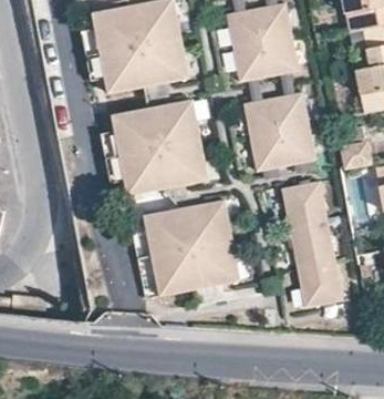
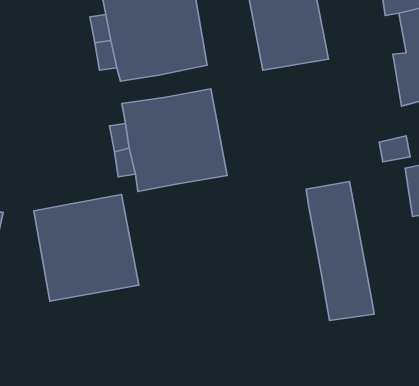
building: [245,94,314,167] -> none
building: [147,197,241,293] -> [34,195,139,301]

